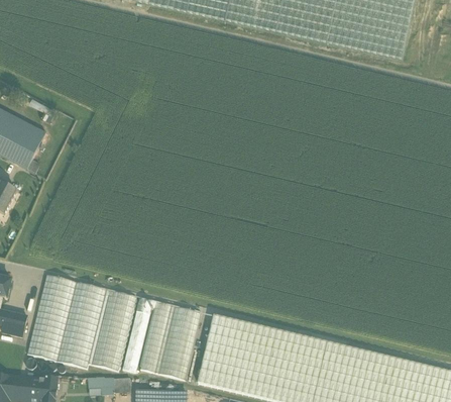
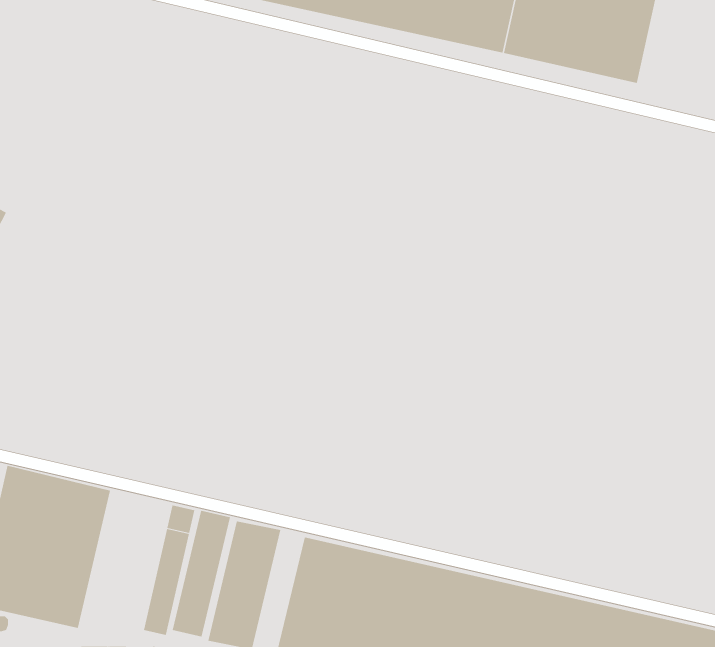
building: [91,289,136,370] -> none

